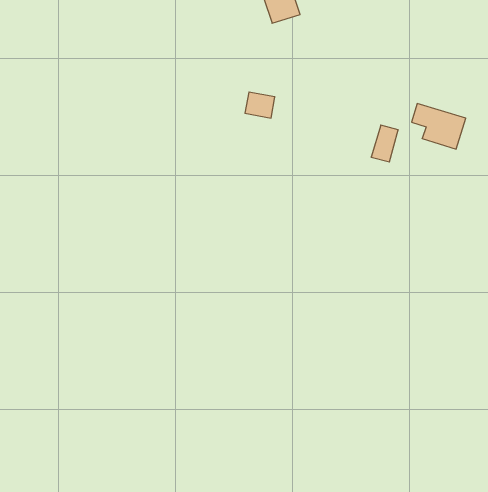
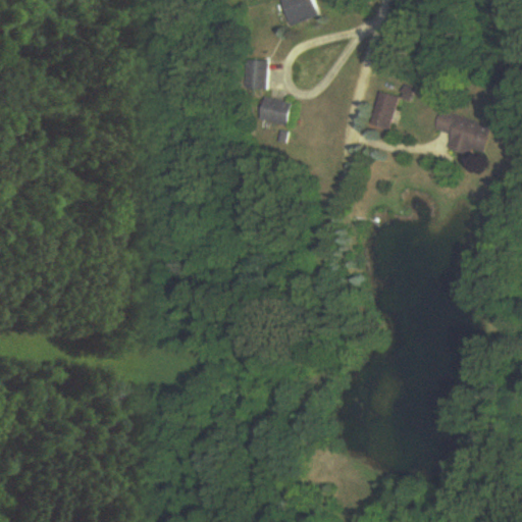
building: none -> [243,59,265,88]
building: [371,125,398,162] -> [369,90,398,128]

